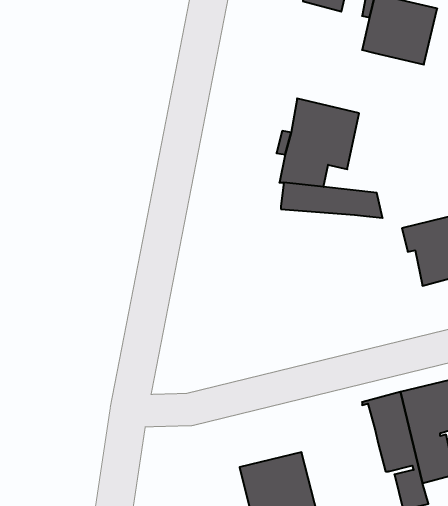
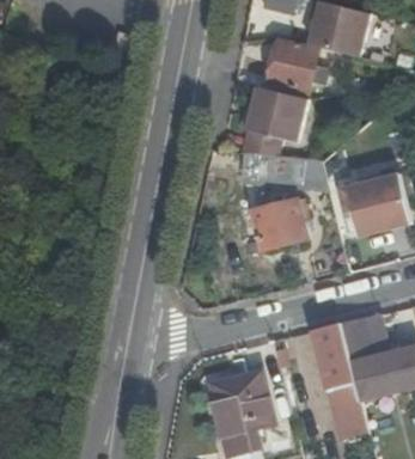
building: none -> [269,38,318,92]
building: none -> [249,198,304,250]

